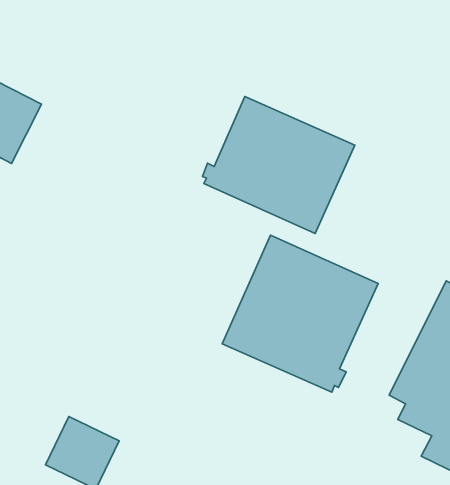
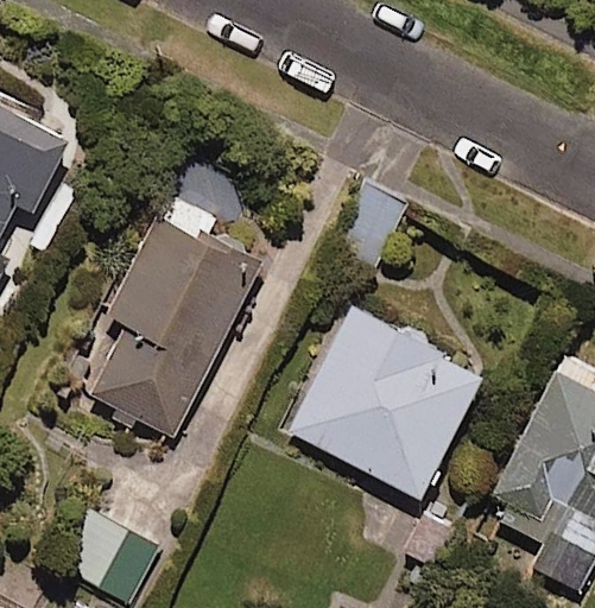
building: [202,96,355,234] -> none
building: none -> [93,197,258,442]

